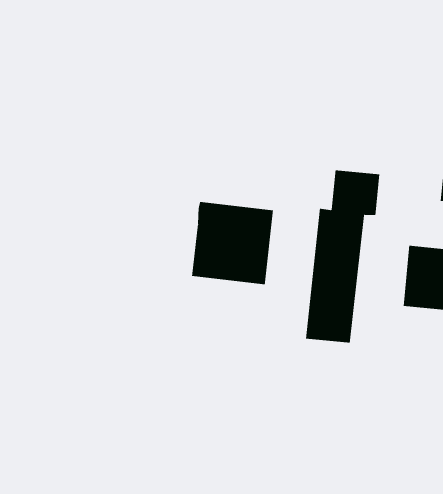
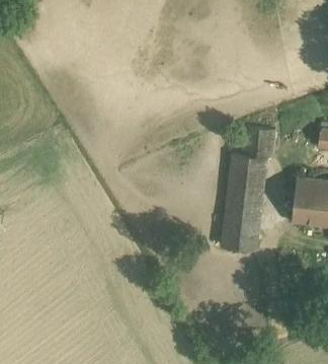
building: [192,201,273,285] -> none

